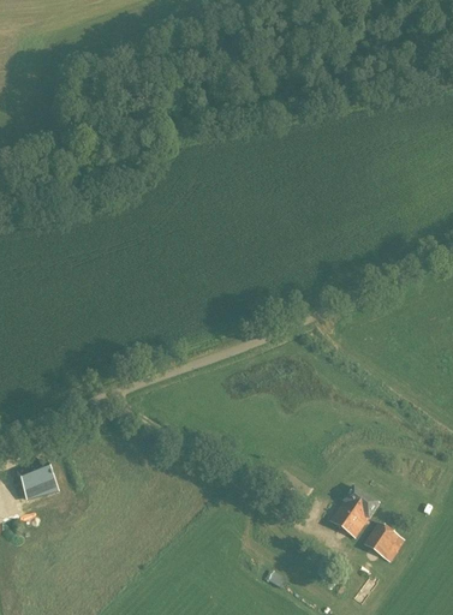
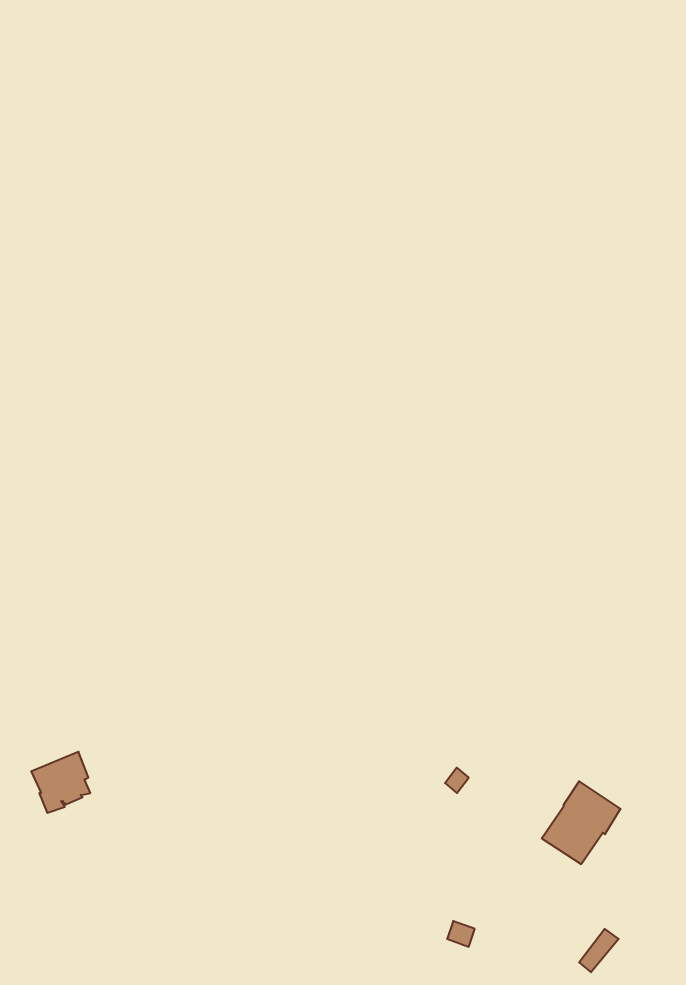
building: [365,520,401,556] -> none

